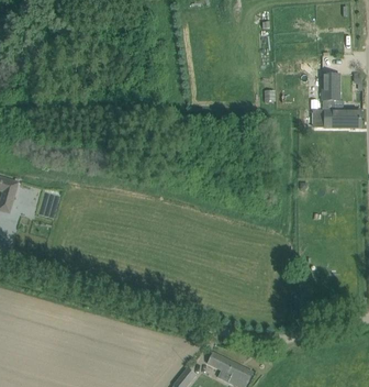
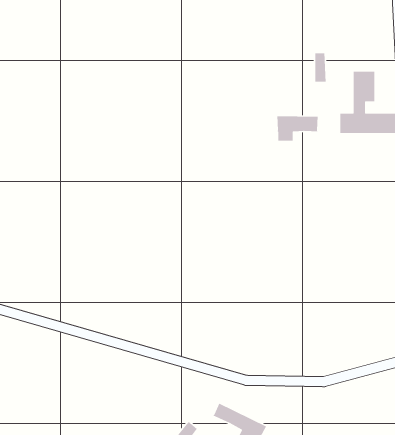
building: none -> [277,115,318,142]

